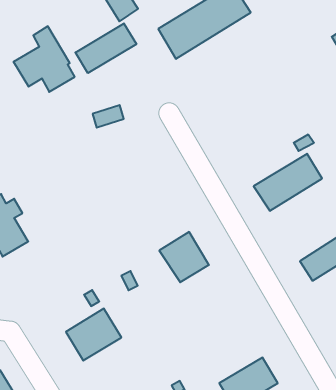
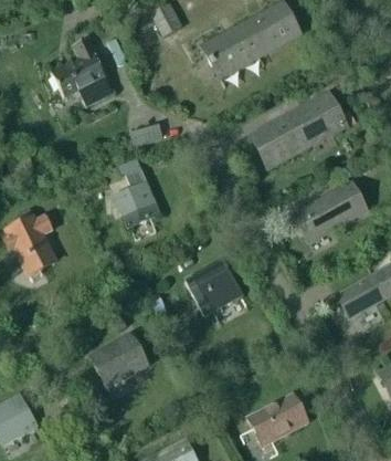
building: [75,23,136,73] -> none
building: none -> [252,93,346,167]
building: none -> [115,158,160,227]

